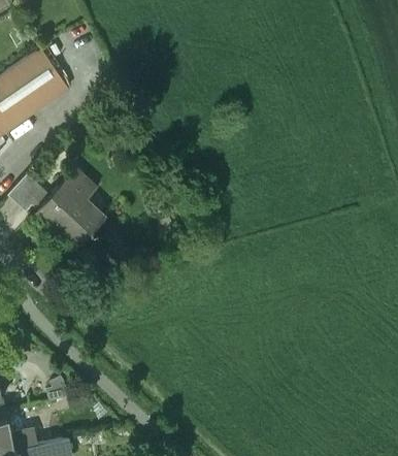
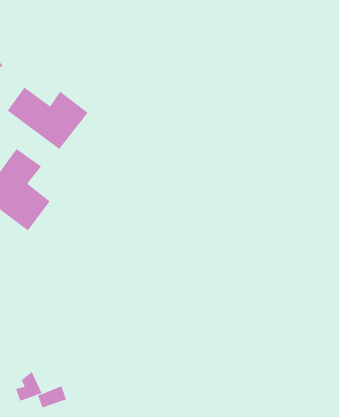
building: none -> [7,87,88,150]

